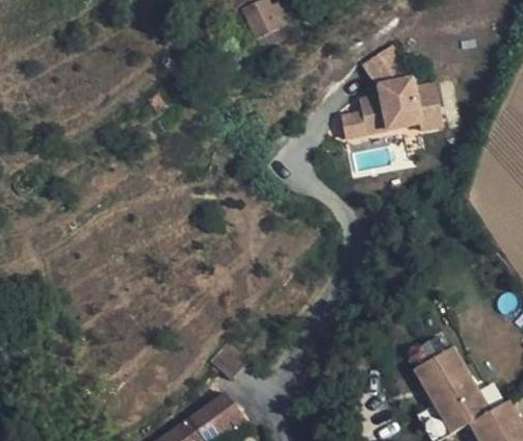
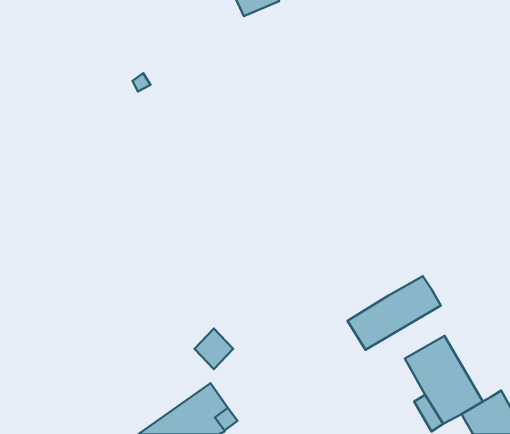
building: [354,50,438,139] -> none
building: none -> [347,276,441,350]

